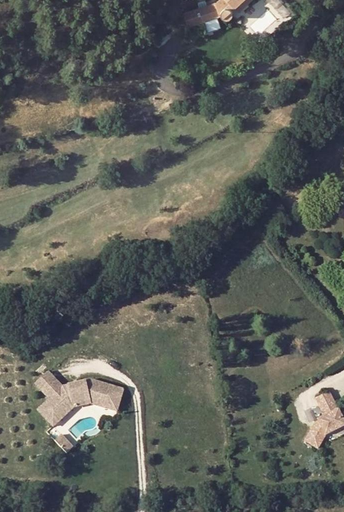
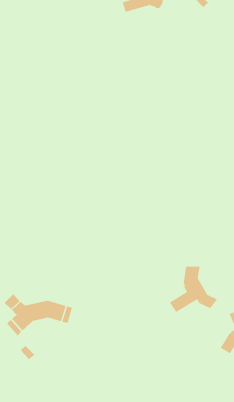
building: none -> [169,266,218,313]

